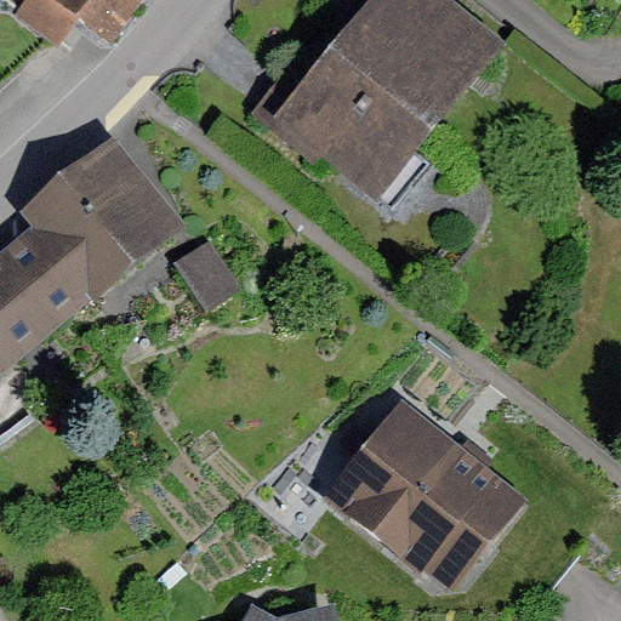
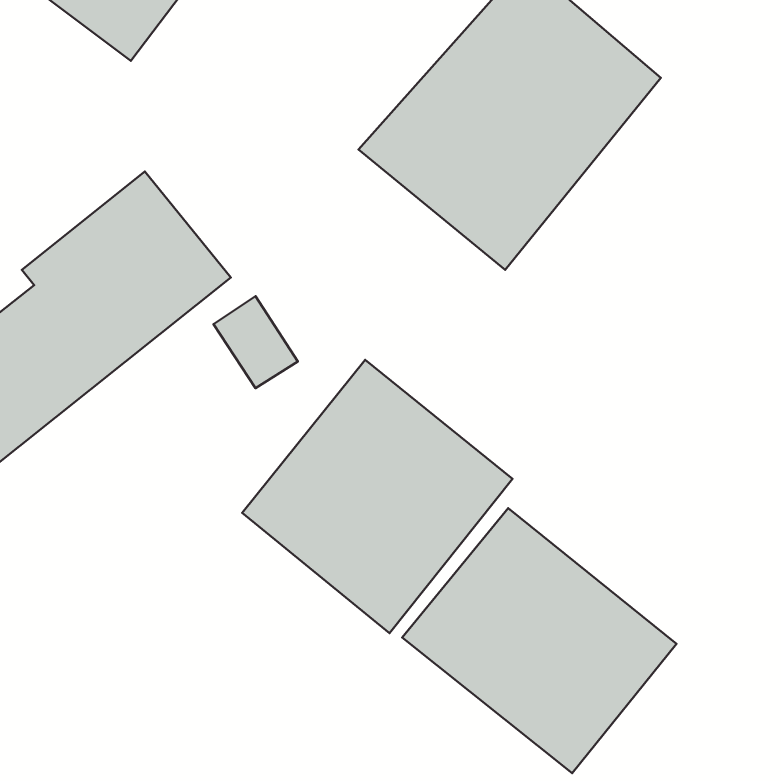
building: none -> [242,360,513,633]

